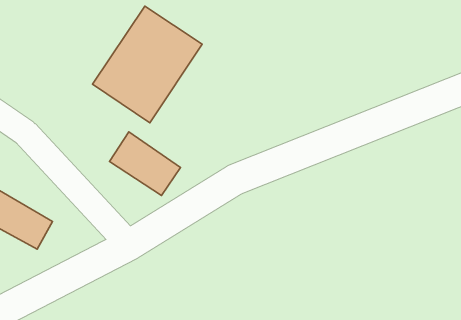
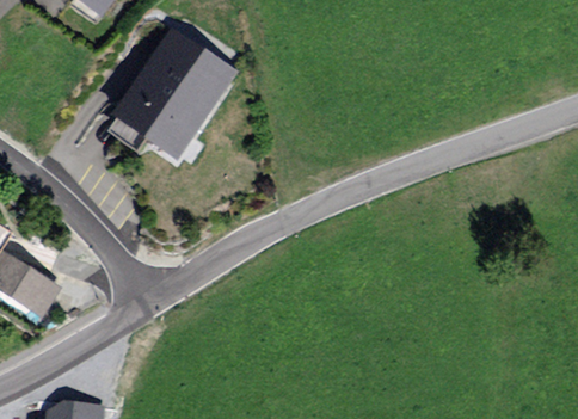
building: [109,132,180,195] -> none

